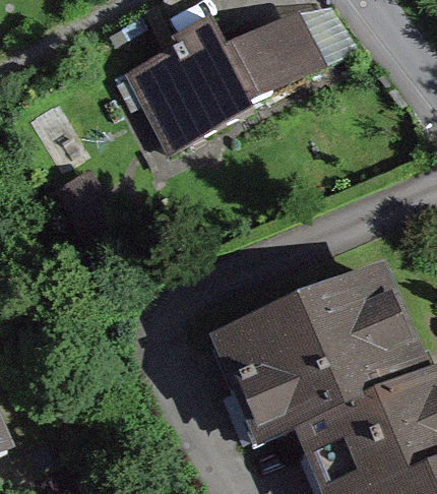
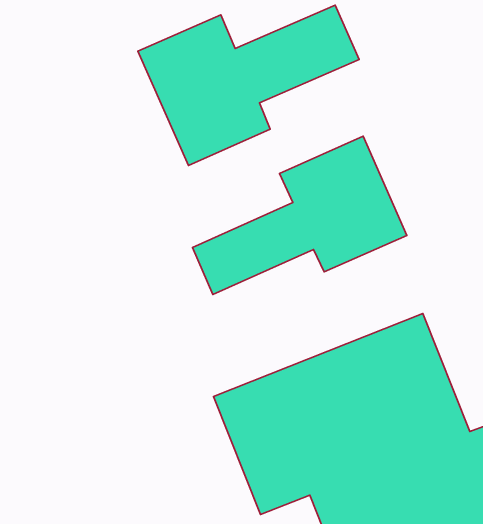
building: none -> [192,136,407,295]

